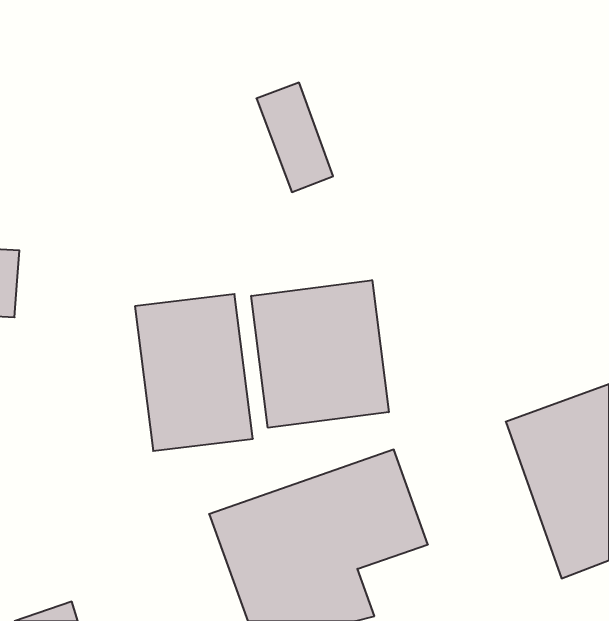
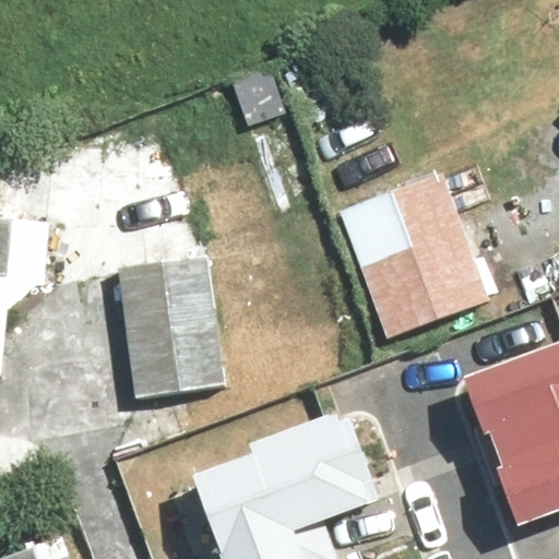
building: none -> [341,178,491,345]
building: [251,280,389,428] -> none

